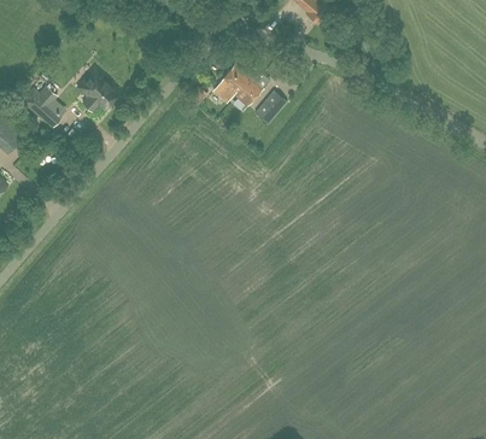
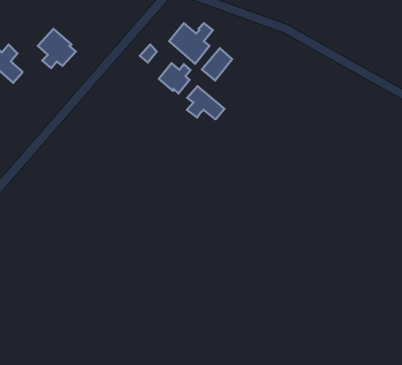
building: none -> [159,63,191,93]
building: none -> [187,86,225,119]

